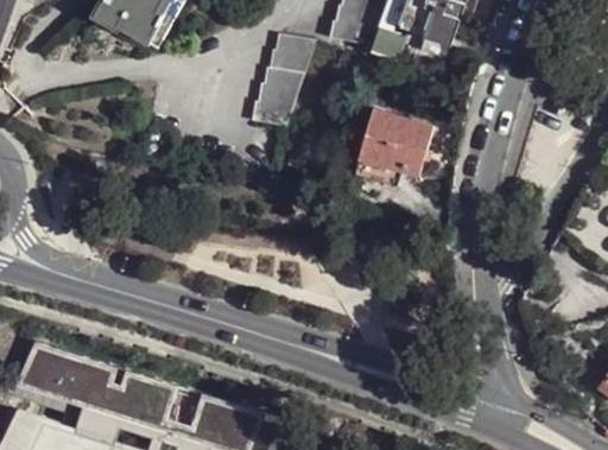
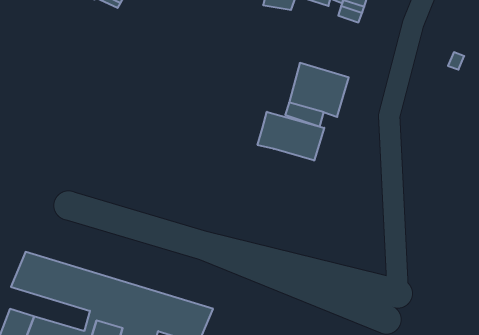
building: [251,37,314,126] -> none
building: none -> [258,112,324,161]

